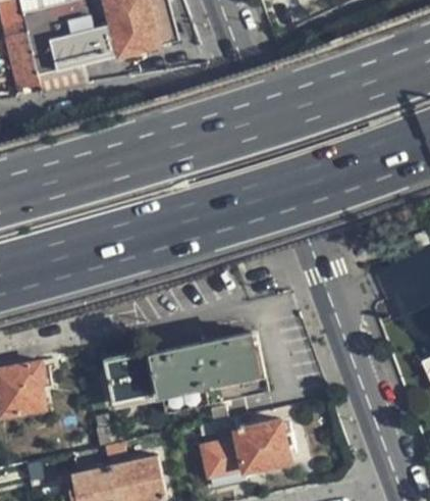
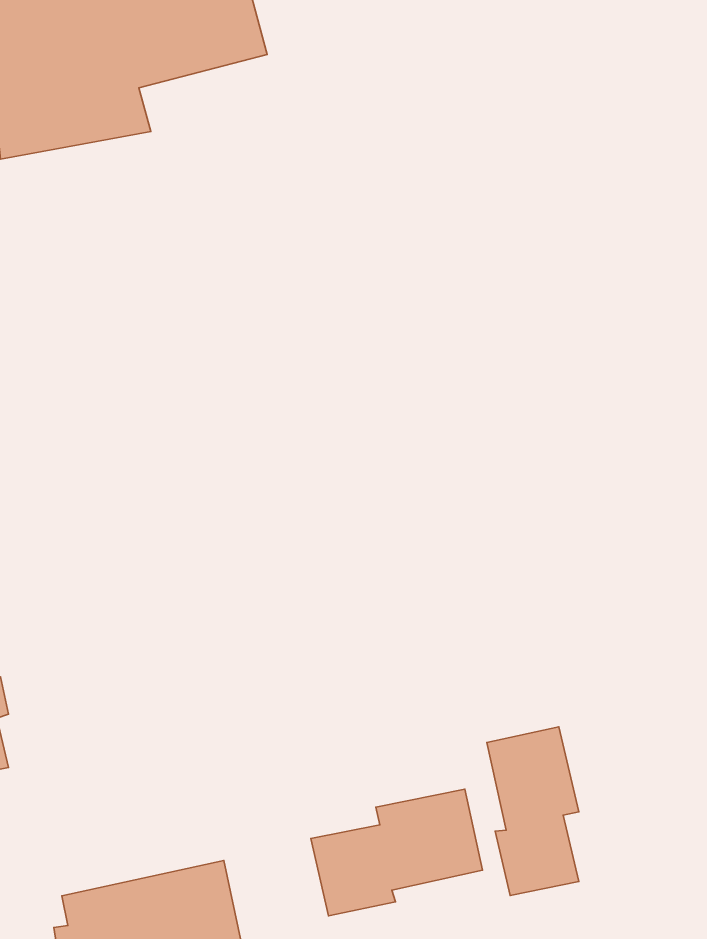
building: [105,334,263,403] -> none
building: none -> [487,727,579,896]

